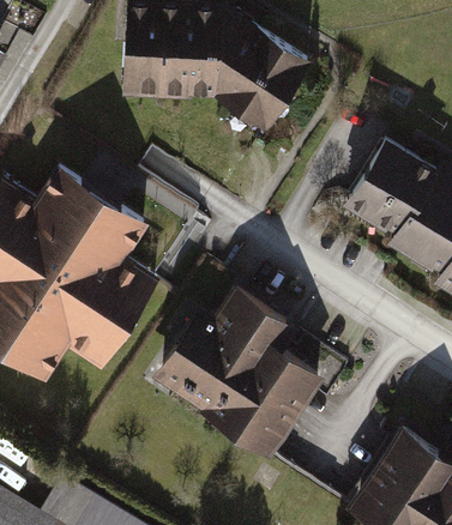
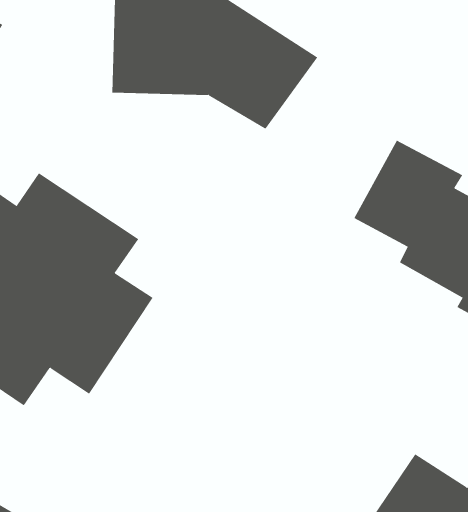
building: [151,288,325,458] -> none

